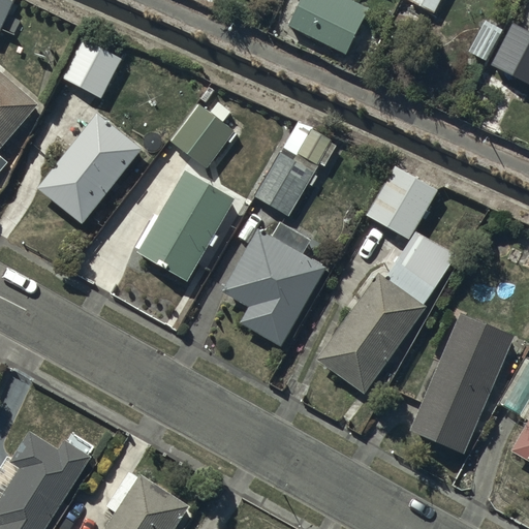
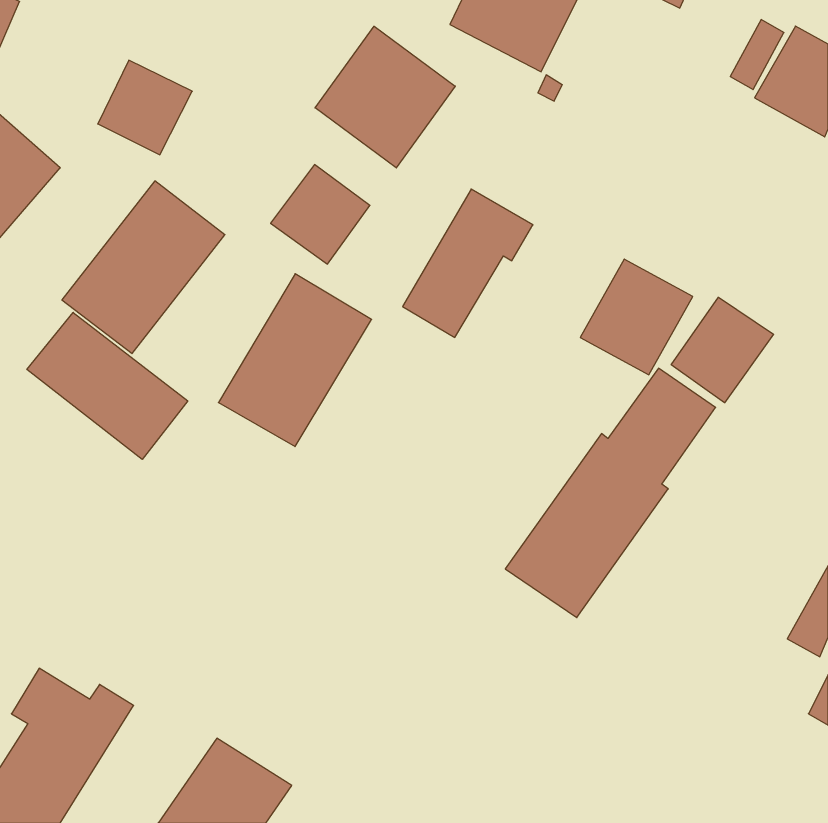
building: none -> [315,26,455,168]
building: none -> [671,297,774,403]
building: none -> [27,312,188,459]
building: [223,224,326,347] -> none
building: [409,317,512,457] -> none

